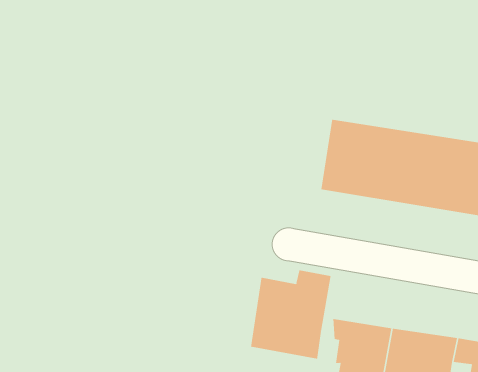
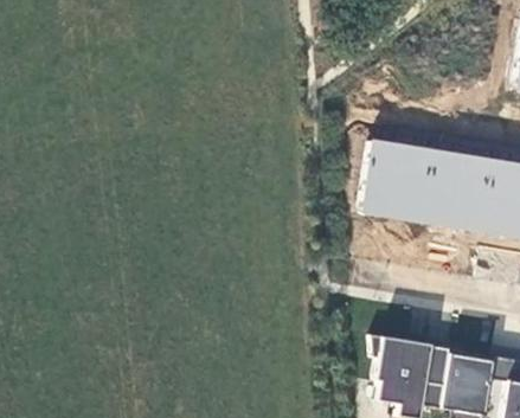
building: [251,270,331,359] -> none

